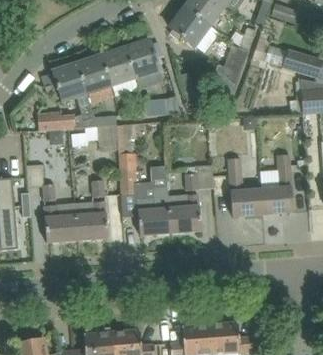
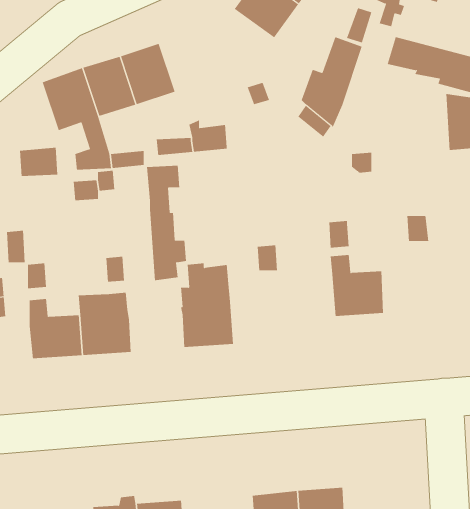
building: [124,39,159,78] -> none
building: [261,175,293,214] -> none
building: [167,194,201,233] -> none

